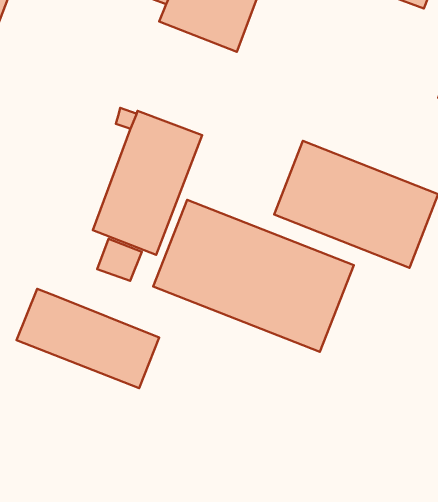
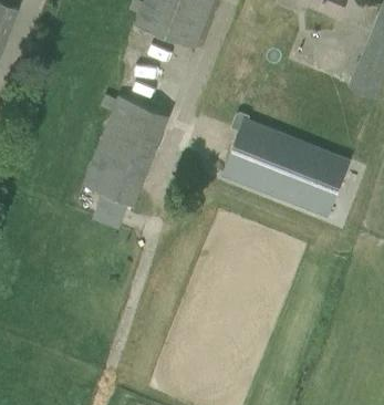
building: [153,200,354,352] -> none
building: [16,289,159,388] -> none

